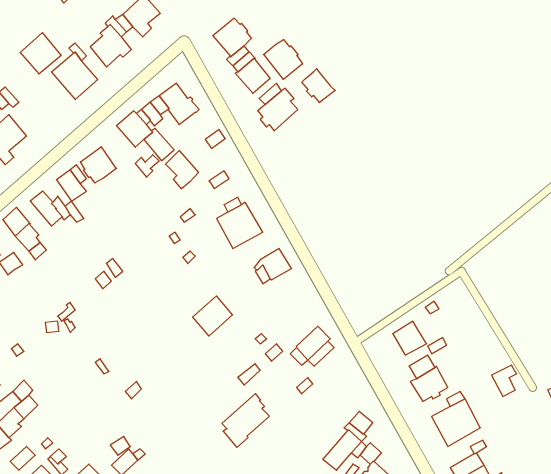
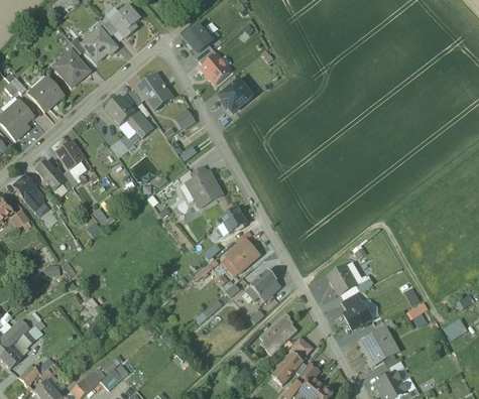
building: [20,33,61,74] -> [29,78,63,111]
building: [263,40,303,79] -> none
building: [302,69,335,103] -> none
building: [80,147,117,183] -> none
building: [165,151,198,189] -> none
building: [193,296,233,336] -> [226,239,258,271]
building: [222,394,269,447] -> [259,312,297,356]

